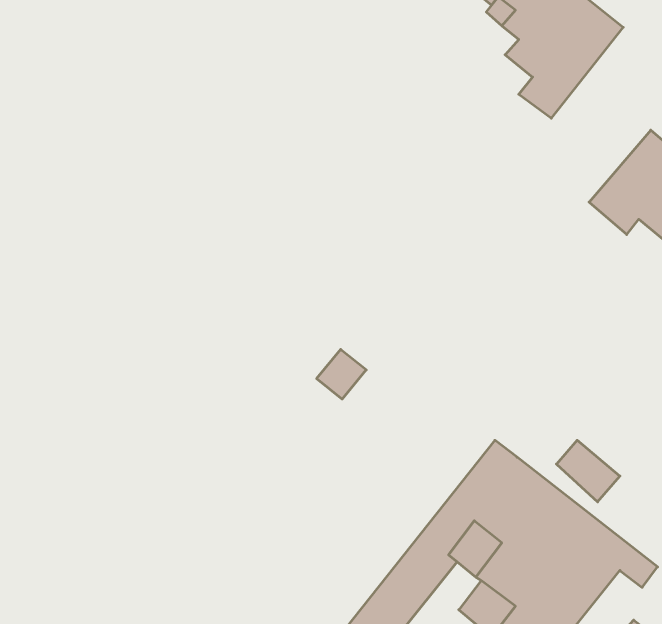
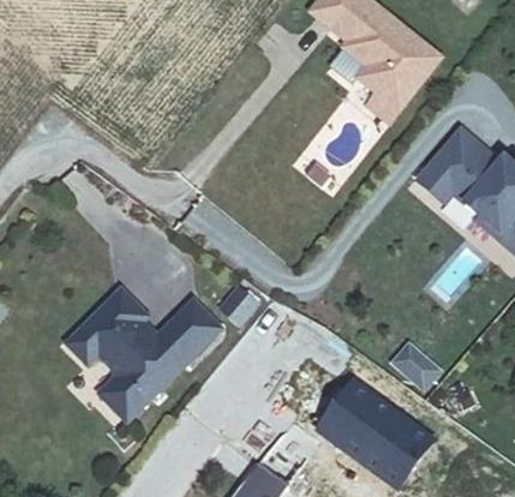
building: none -> [68,286,222,417]

